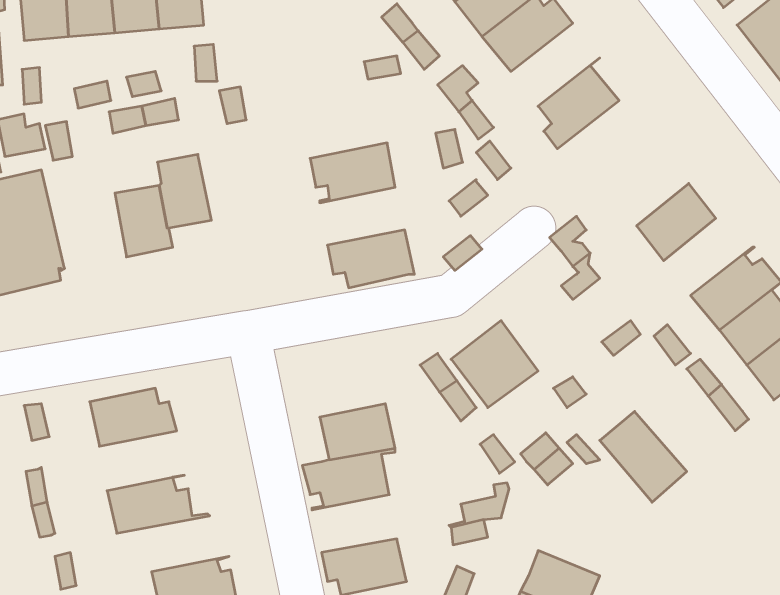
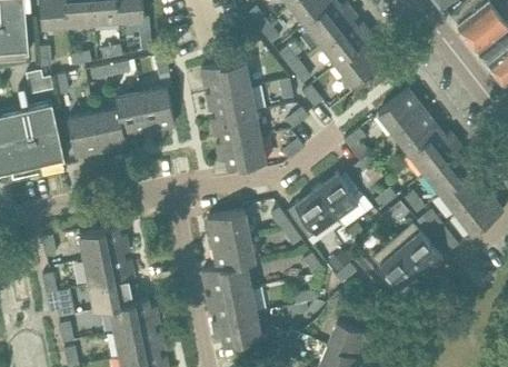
building: none -> [321,18,372,66]
building: none -> [201,61,250,96]
building: none -> [141,88,175,131]
building: none -> [378,90,424,135]
building: none -> [211,112,260,146]
building: none -> [68,116,100,157]
building: none -> [409,130,460,175]
building: none -> [316,173,358,218]
building: none -> [207,211,249,245]
building: none -> [392,224,442,276]
building: none -> [84,252,133,287]
building: none -> [207,289,256,323]
building: none -> [94,301,159,334]

